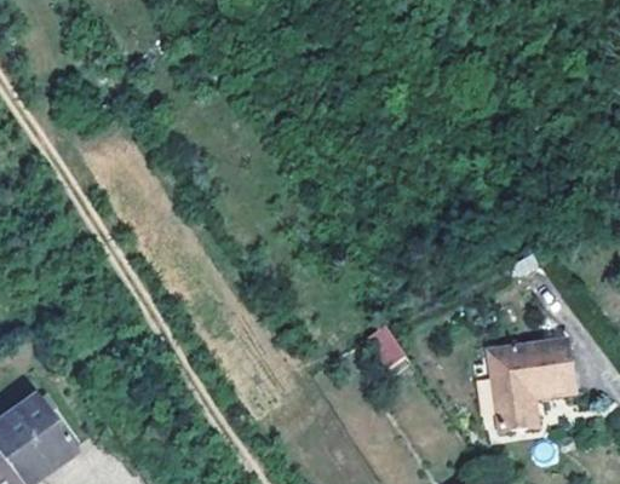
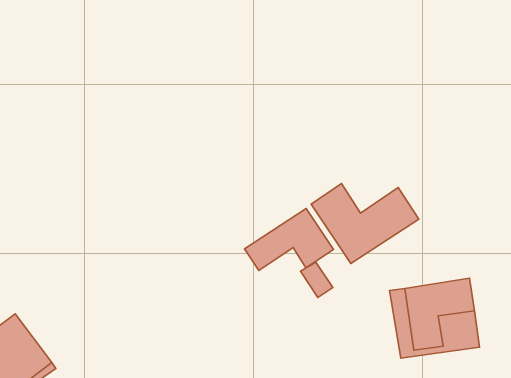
building: none -> [311,183,419,263]
building: none -> [245,209,334,270]

